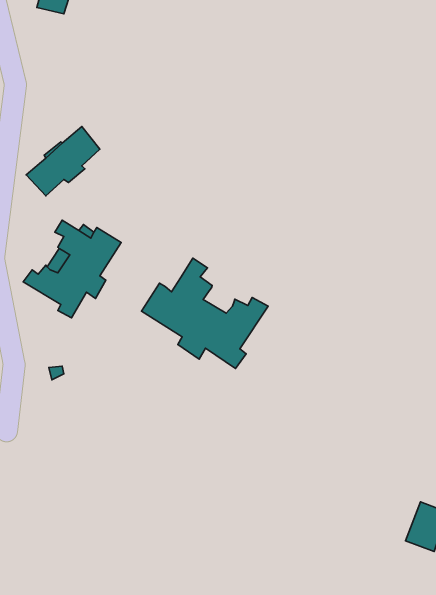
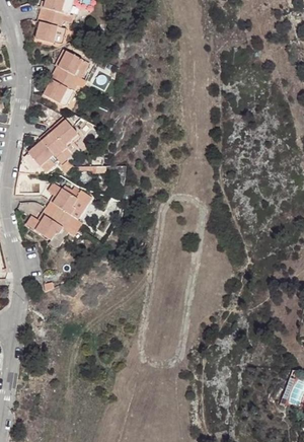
building: none -> [42,52,81,103]
building: [141,258,268,369] -> none

